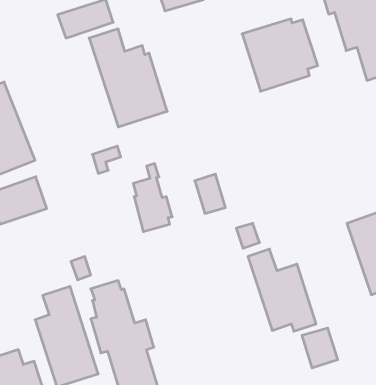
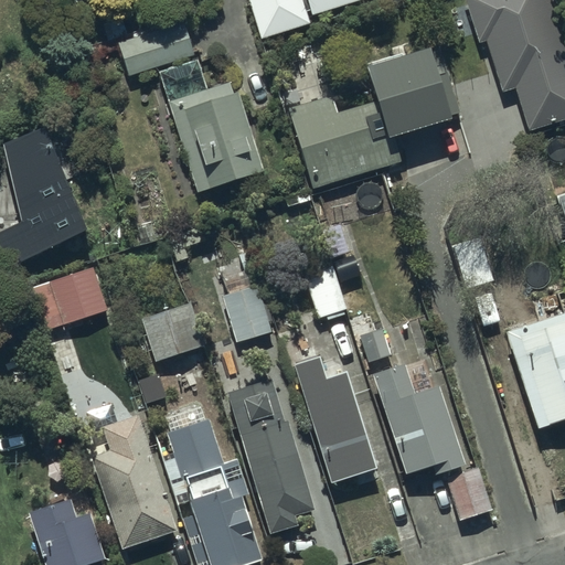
building: none -> [289,105,404,199]
building: none -> [141,300,204,359]
building: none -> [294,354,374,480]
building: none -> [226,377,312,531]

